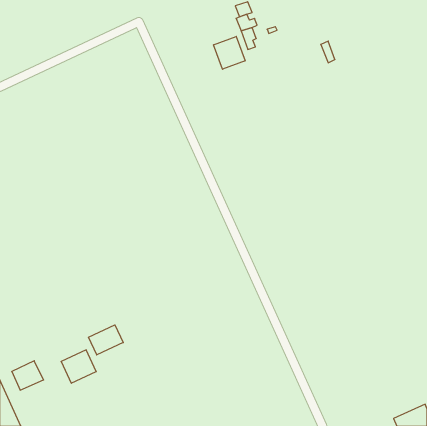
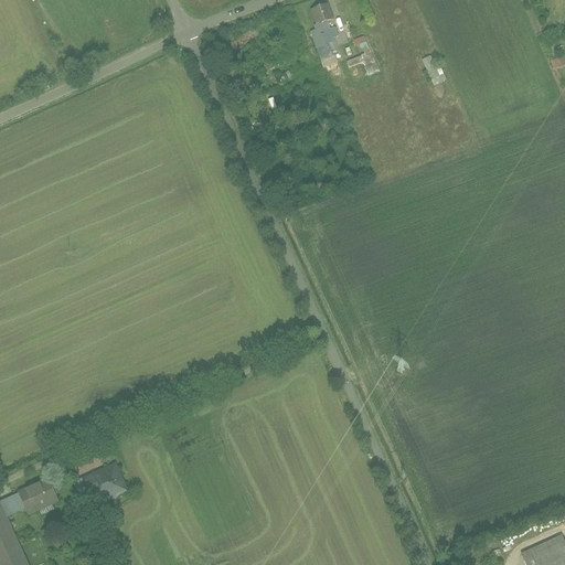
building: [214,36,245,69] -> none
building: [88,325,123,355] -> none

